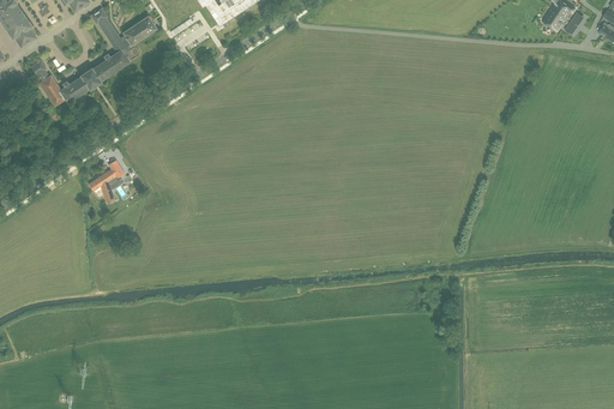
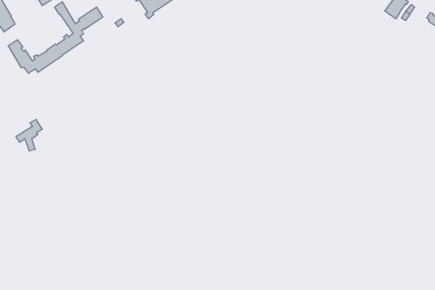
building: [88,157,124,200] -> [16,119,42,151]

